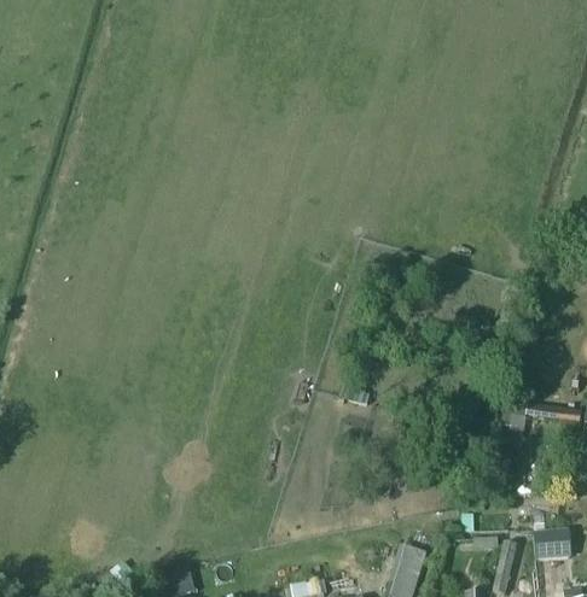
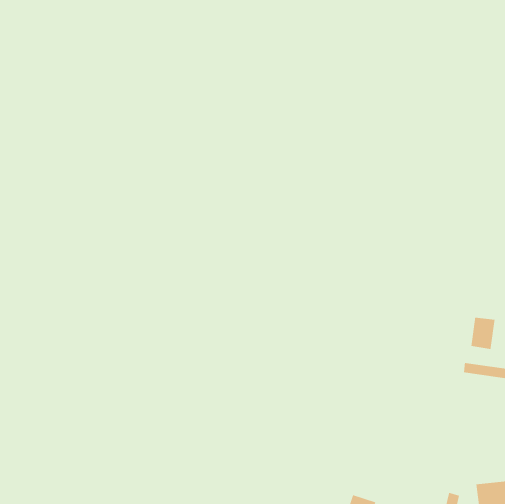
building: none -> [471,317,495,350]

